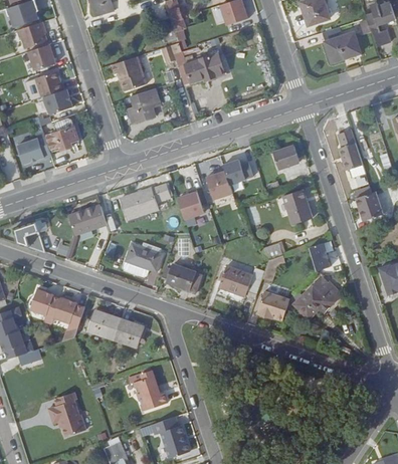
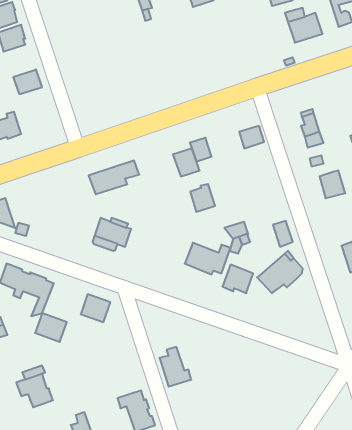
building: [179,52,227,83] -> none
building: [113,55,147,90] -> none
building: [36,71,66,97] -> none
building: [129,86,159,123] -> none
building: [48,115,80,150] -> none
building: [180,189,205,217] -> [190,184,215,212]
building: [282,190,312,224] -> none
building: [71,203,109,234] -> none
building: [164,262,203,291] -> none
building: [88,308,121,337] -> [35,313,67,342]
building: [134,369,166,409] -> [160,347,191,387]

